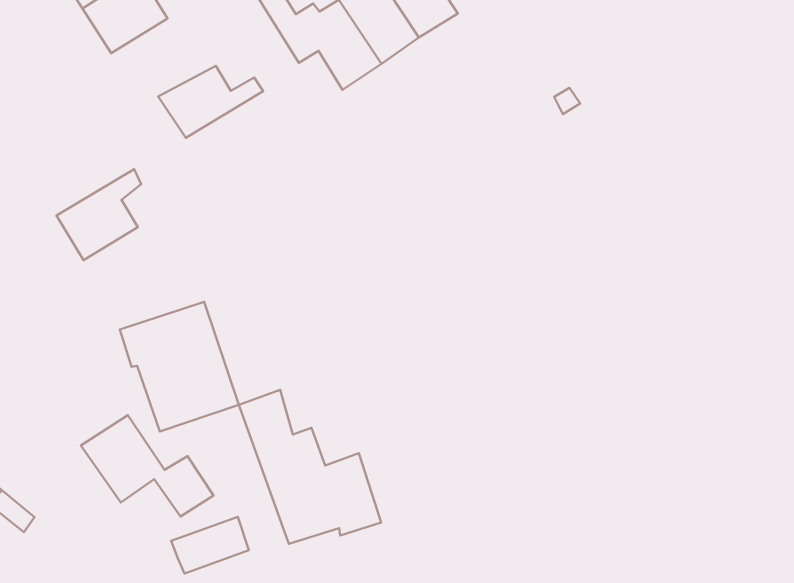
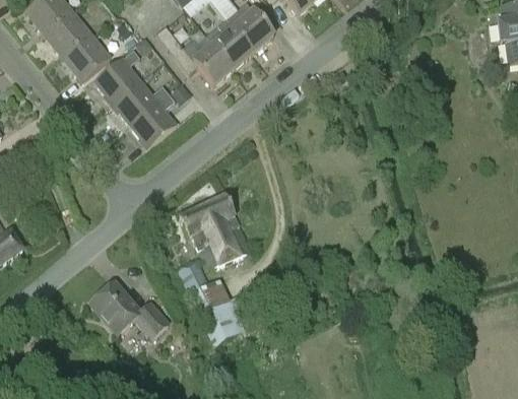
building: none -> [92,49,140,102]
building: [57,169,141,260] -> [128,91,175,146]
building: [120,302,239,431] -> [177,196,249,272]
building: [171,517,249,574] -> none

